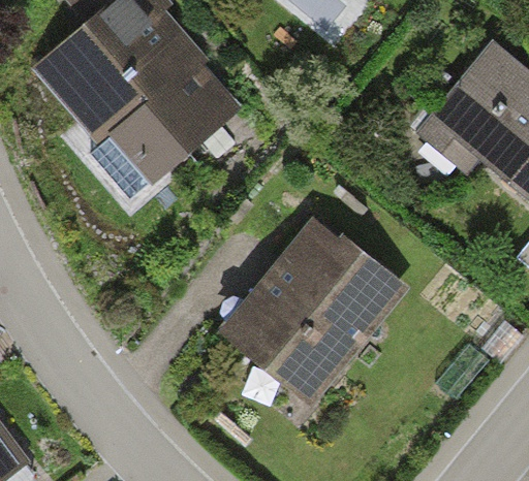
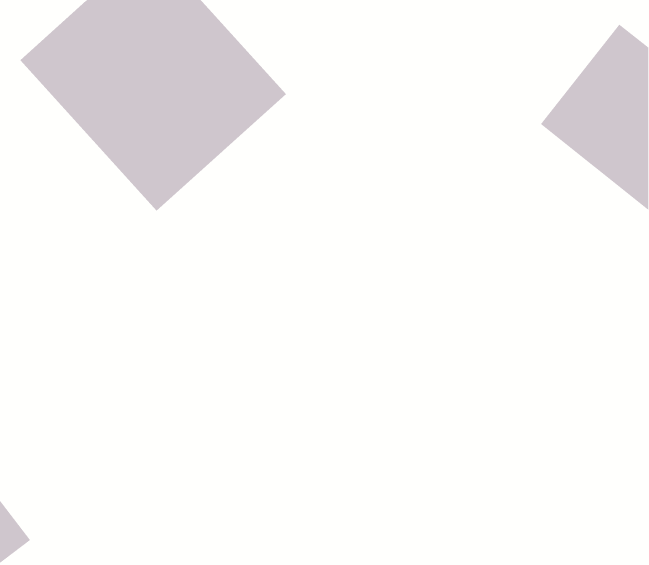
building: [229,222,405,402] -> none

